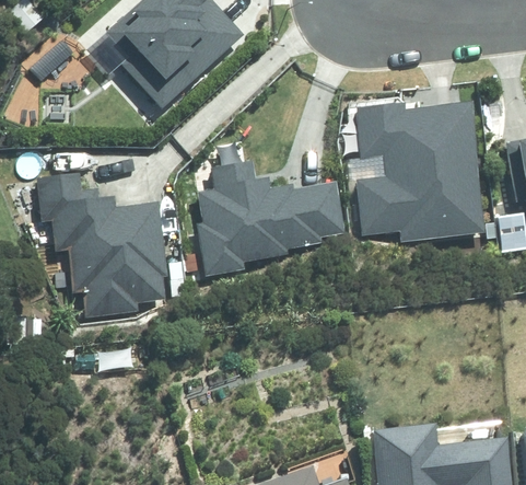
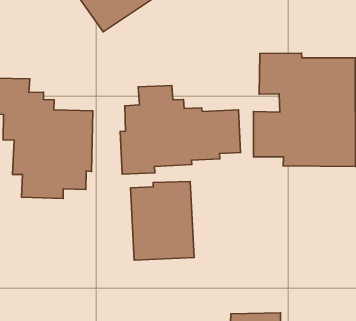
building: none -> [131,181,194,260]

